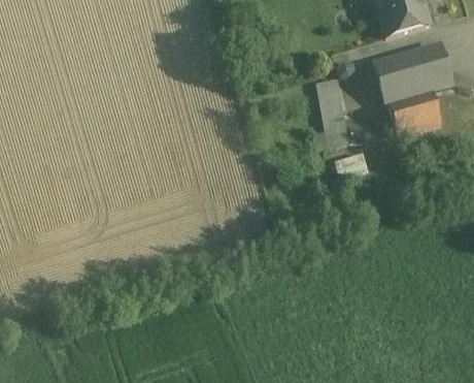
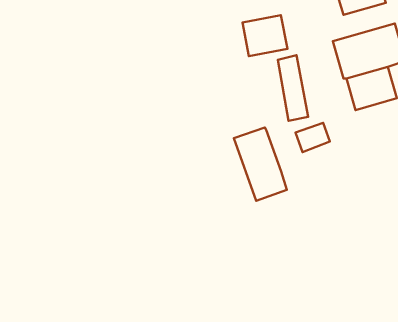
building: none -> [242,15,287,56]
building: none -> [234,127,287,201]

